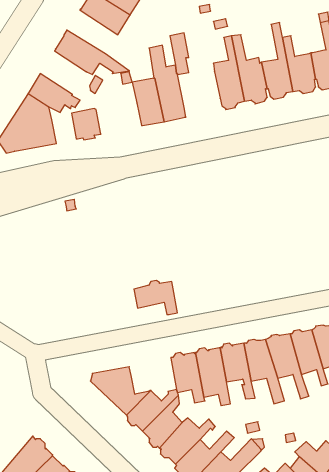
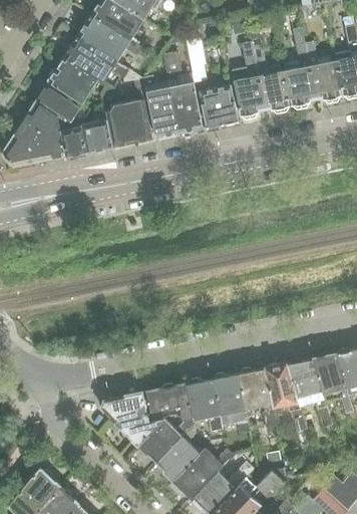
building: none -> [76,15,149,61]
building: none -> [48,58,97,104]
building: none -> [200,85,238,127]
building: none -> [105,99,151,147]
building: none -> [60,124,86,157]
building: [134,281,177,315] -> [146,383,193,420]

